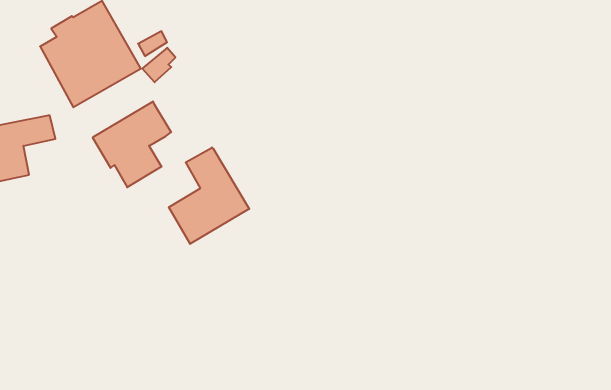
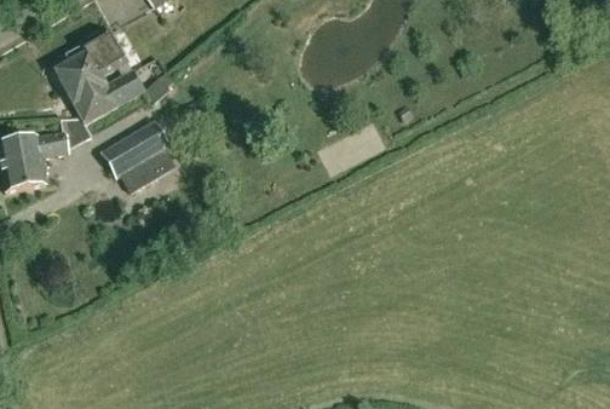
building: [169,147,249,244] -> none

